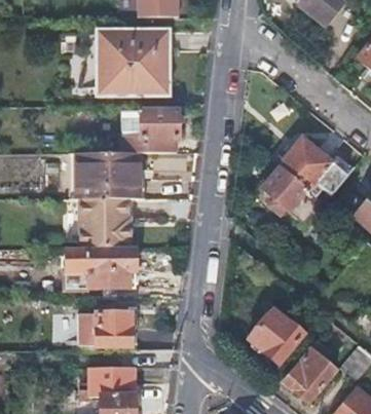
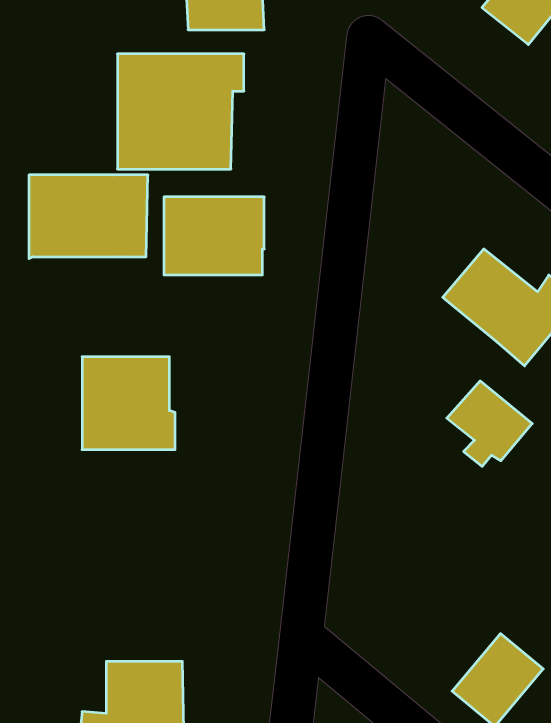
building: [77,153,143,199] -> [29,175,148,259]
building: [261,166,308,214] -> [447,381,532,466]
building: [65,251,136,291] -> none
building: [248,309,302,364] -> none
building: [81,313,132,347] -> none

